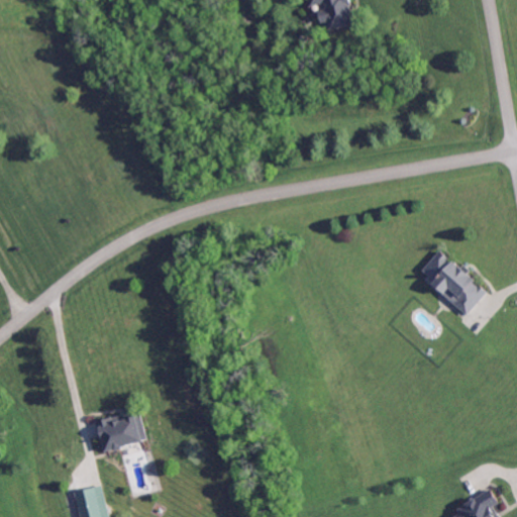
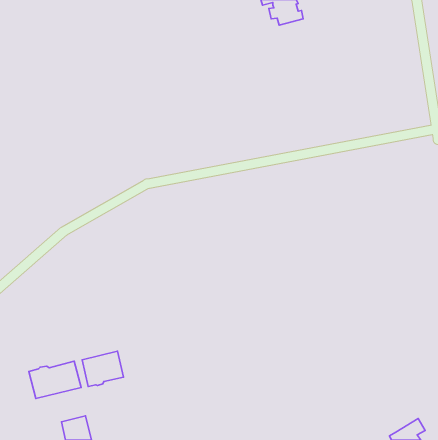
building: [419,250,485,316] -> none
building: none -> [29,361,81,398]

